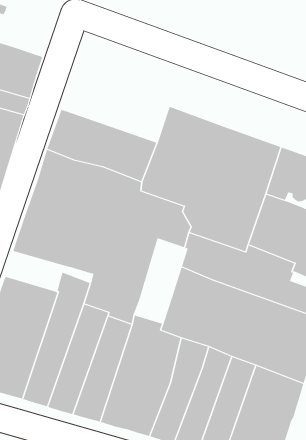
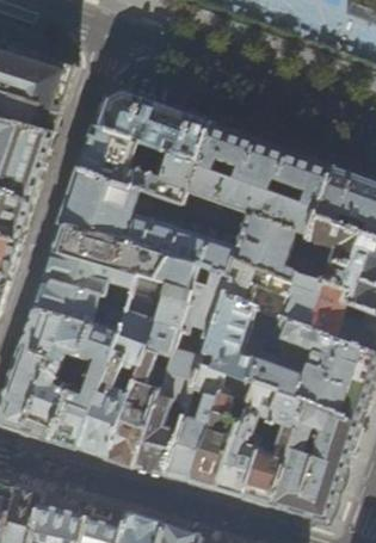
building: none -> [97,92,210,162]
building: none -> [178,267,229,341]
building: none -> [31,280,127,325]

